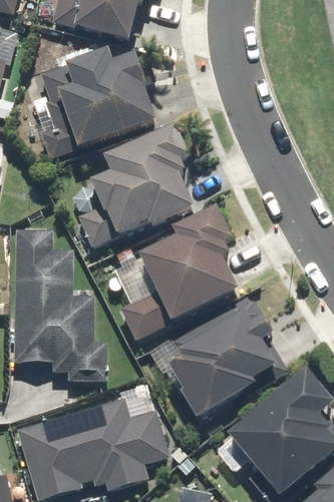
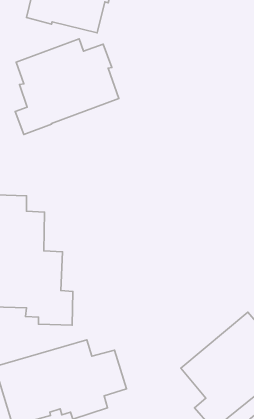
building: [75,121,196,247] -> none
building: [117,203,241,340] -> none
building: [169,299,278,416] -> none

